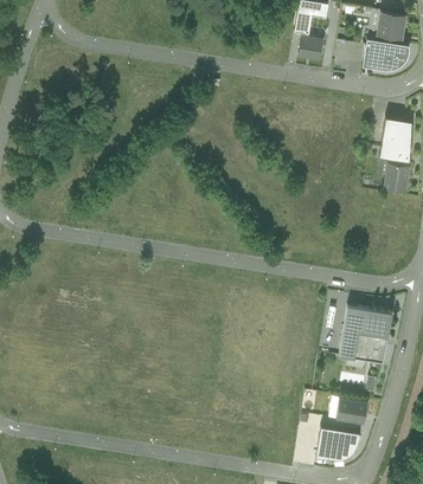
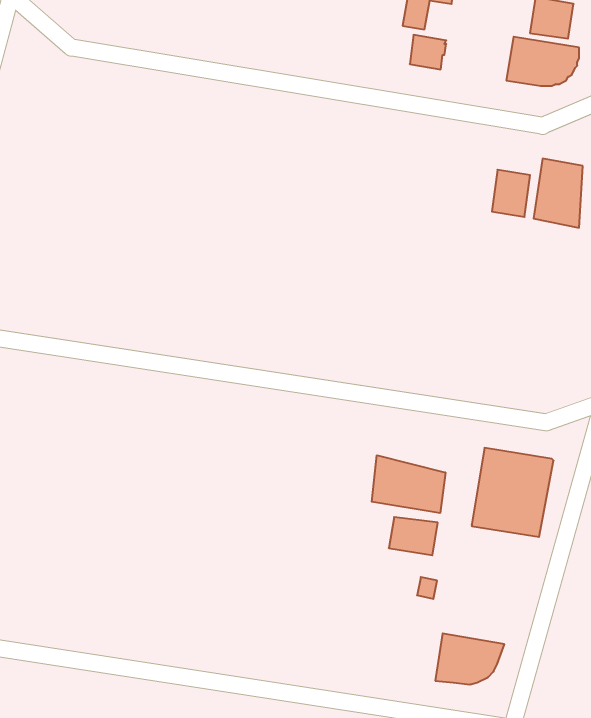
building: [384,162,409,193] -> [492,170,530,217]
building: none -> [372,455,445,513]
building: [335,399,367,424] -> [389,517,438,555]

